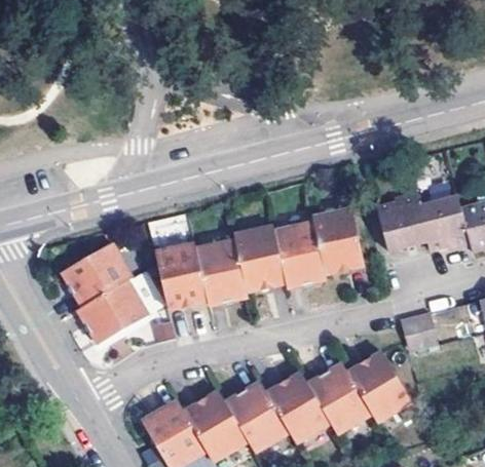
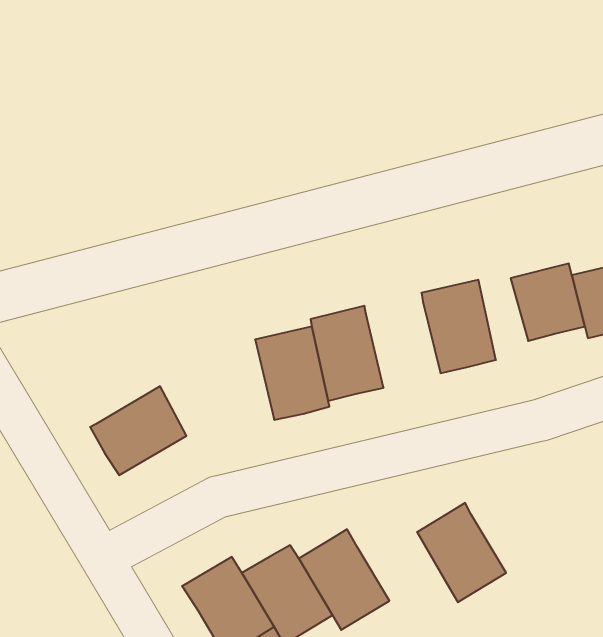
building: [272,222,326,287] -> none
building: [154,243,207,309] -> none
building: [63,244,130,308] -> none
building: [400,313,435,350] -> none
building: [346,352,411,423] -> none
building: [266,373,331,443] -> none

